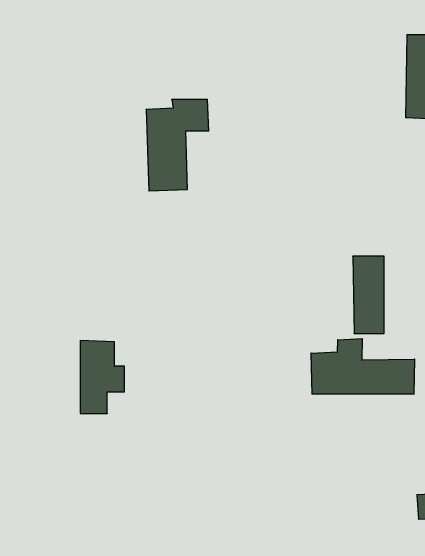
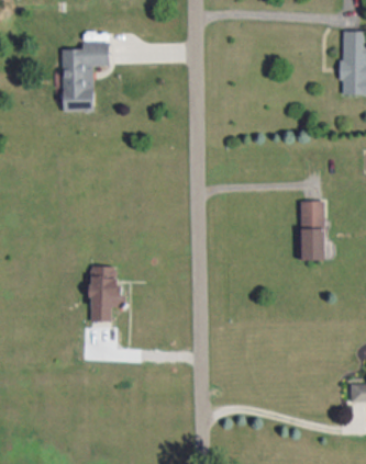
building: [146,99,209,191] -> [62,42,110,112]
building: [311,339,415,394] -> none

